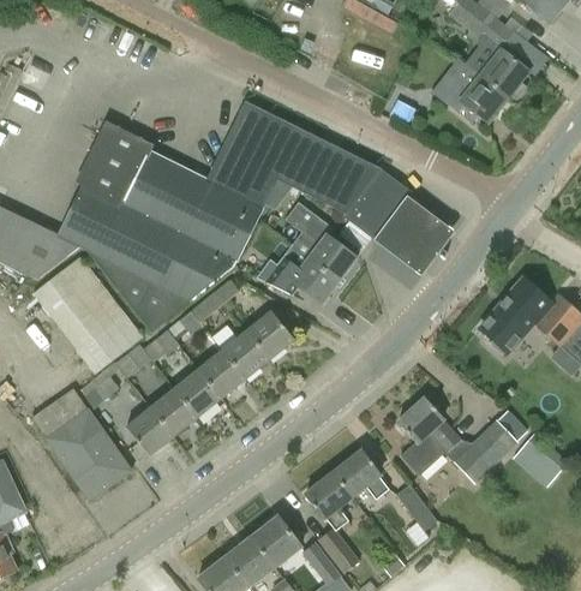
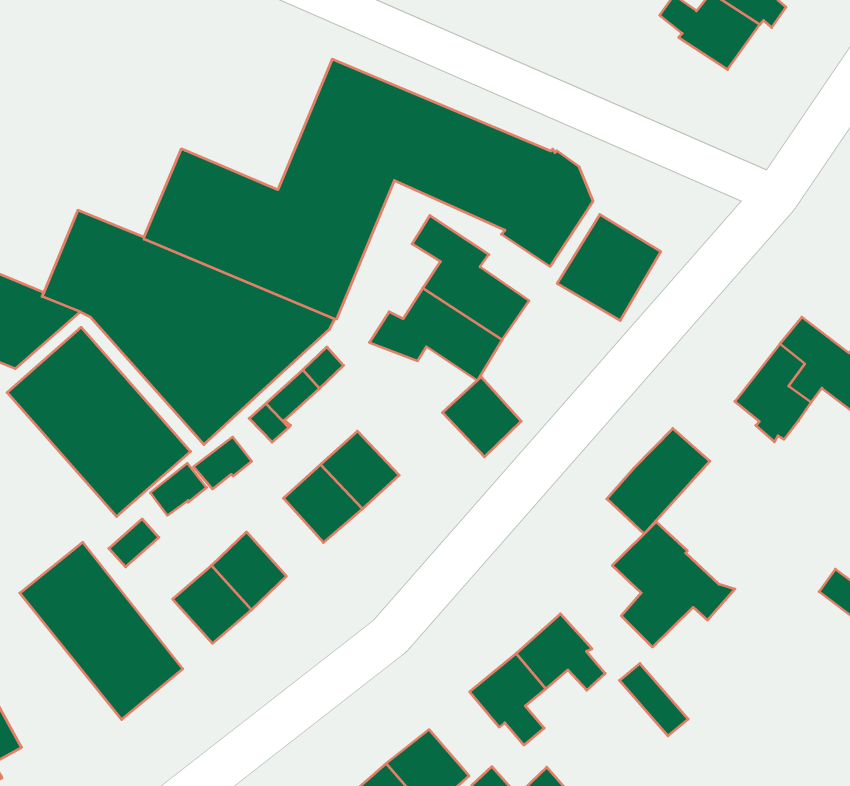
building: [76,119,154,203] -> none
building: [245,310,293,359] -> [442,377,521,457]
building: [173,369,220,417] -> none
building: [453,419,517,483] -> [607,428,710,534]

